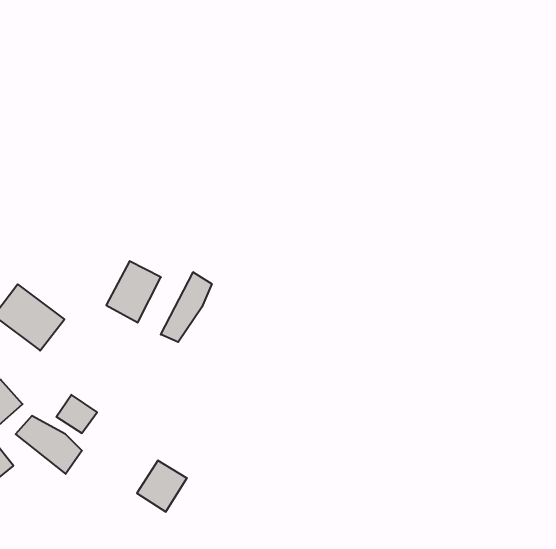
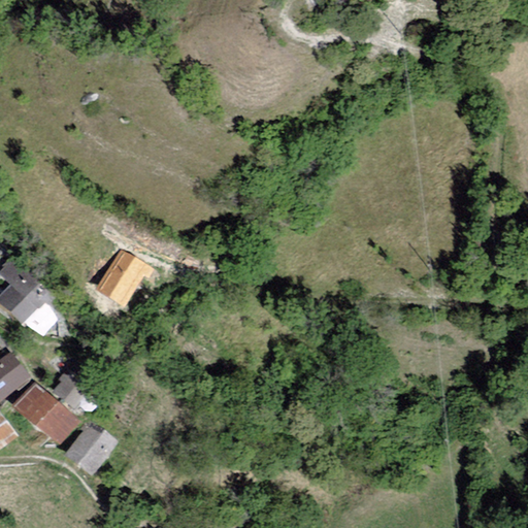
building: [161,272,212,342] -> none
building: [137,461,187,512] -> [67,424,111,469]

